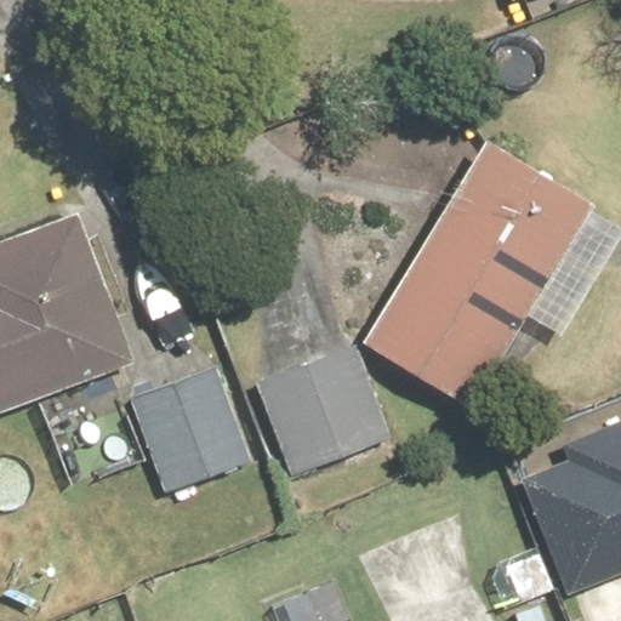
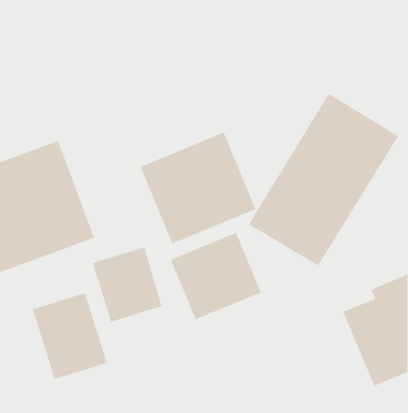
building: none -> [139,131,257,245]
building: none -> [32,292,108,380]

